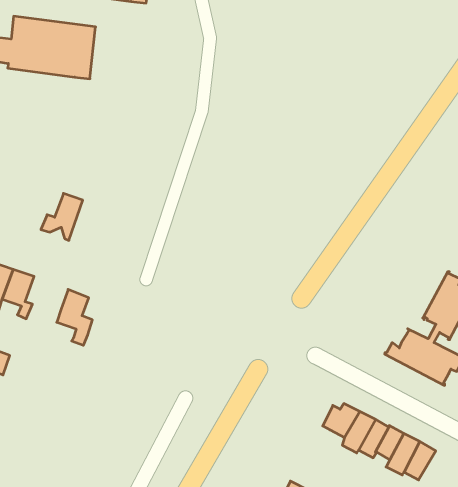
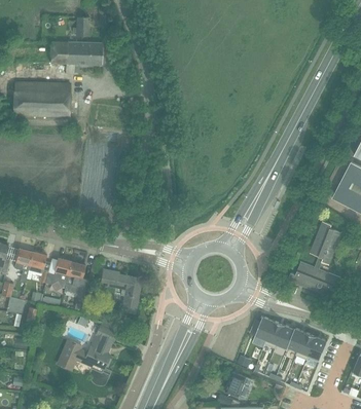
building: [41,193,83,240] -> [44,258,70,289]
building: none -> [100,269,141,313]
building: none -> [56,326,116,371]

